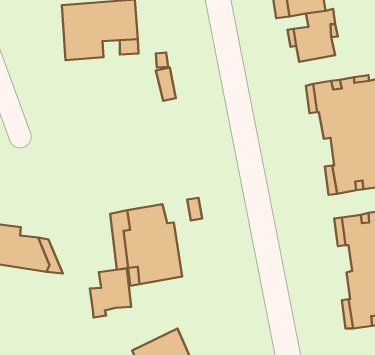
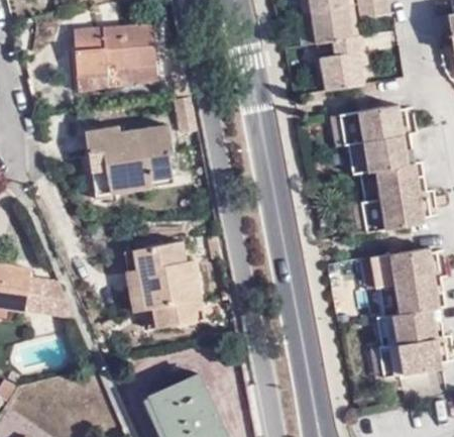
building: none -> [85,126,171,193]
building: [90,269,131,318] -> none

